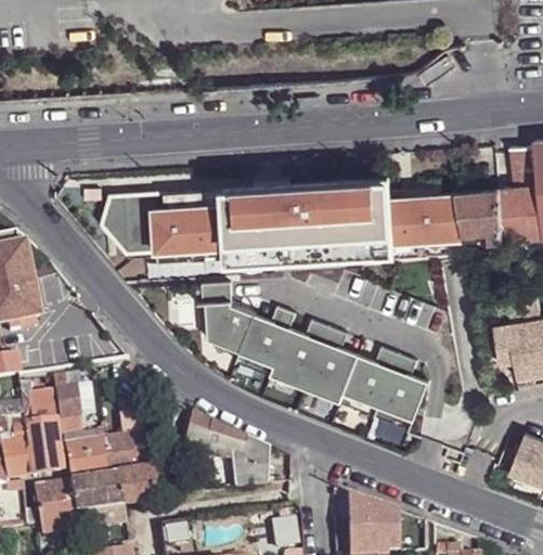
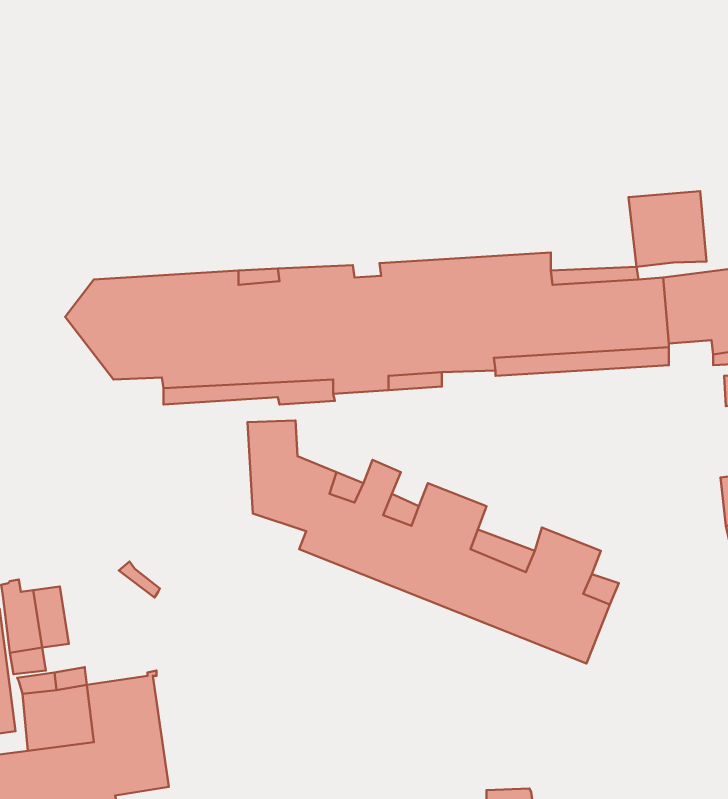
building: none -> [628,191,707,267]
building: [183,412,276,489] -> none

